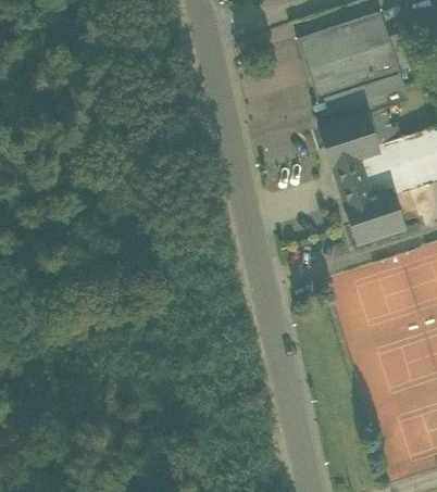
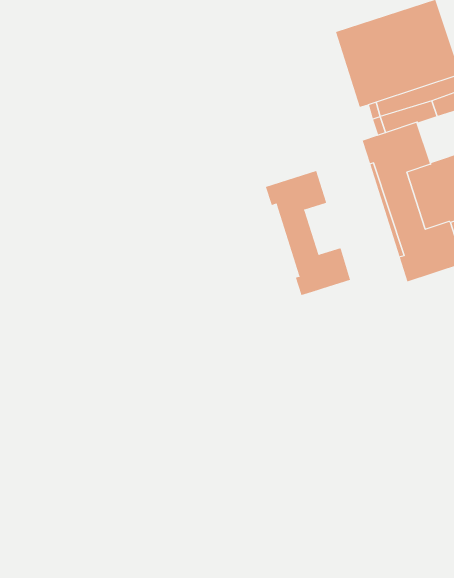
building: none -> [265,170,351,296]

